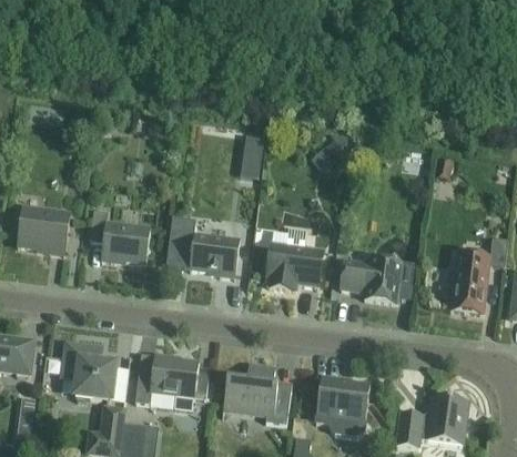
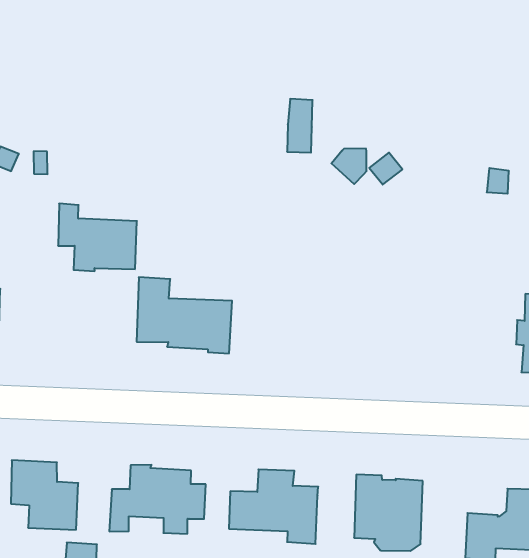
building: [241,134,263,175] -> [287,99,313,153]
building: [90,210,150,263] -> [58,204,137,271]
building: [266,227,323,288] -> none
building: [339,254,414,303] -> none

